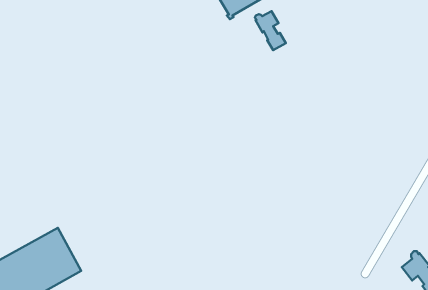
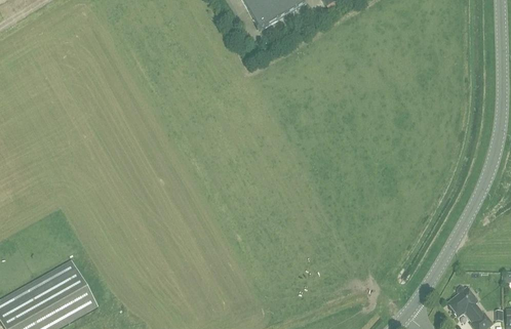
building: [255,11,286,50] -> none

